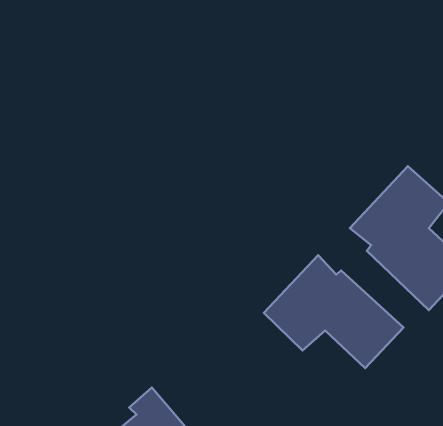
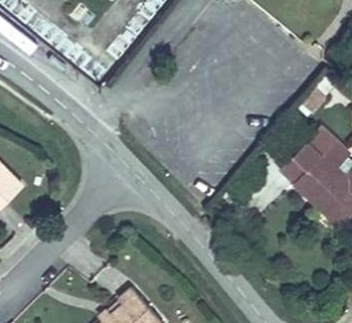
building: [264,255,404,368] -> none

